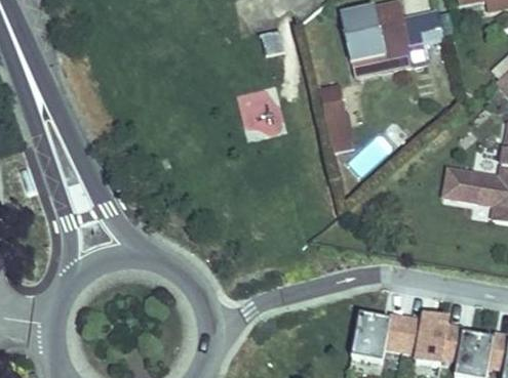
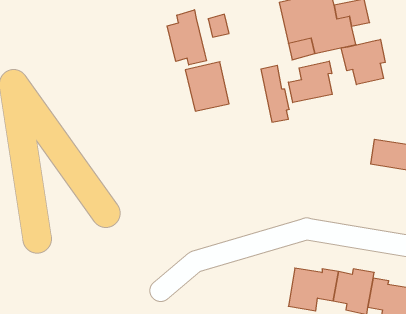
building: none -> [167,10,206,65]
building: none -> [341,39,385,85]
building: none -> [288,61,332,103]

